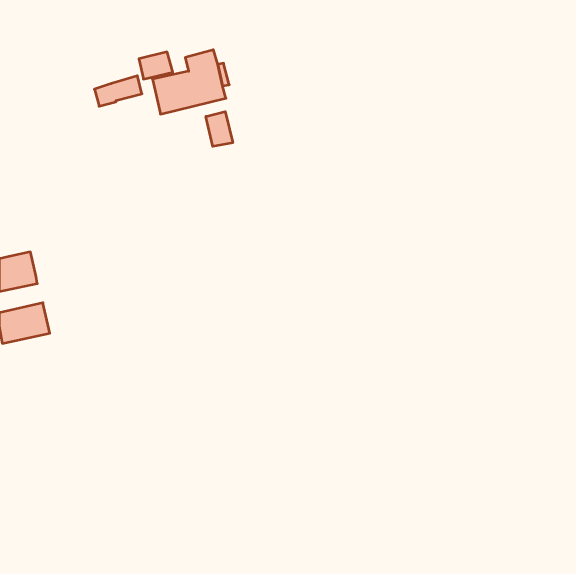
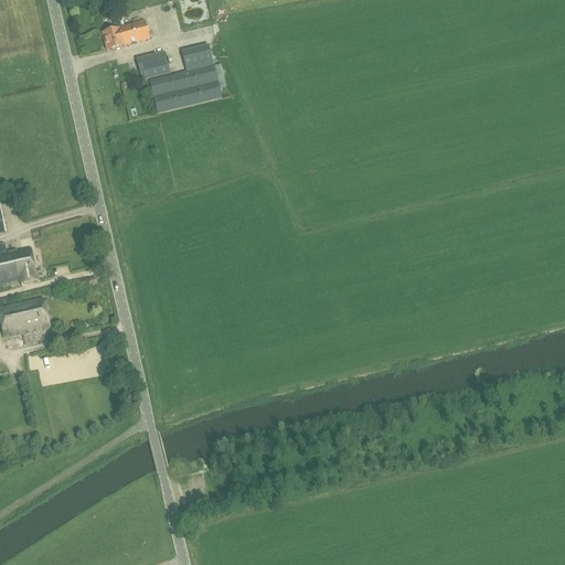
building: [94,76,142,106] -> [102,19,148,49]
building: [206,112,233,146] -> none

